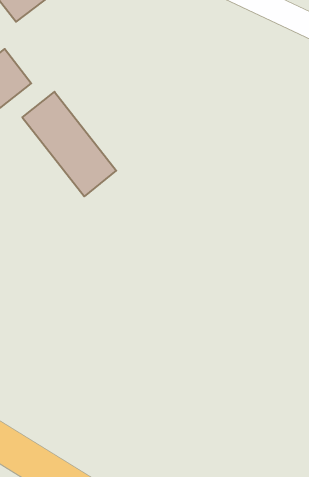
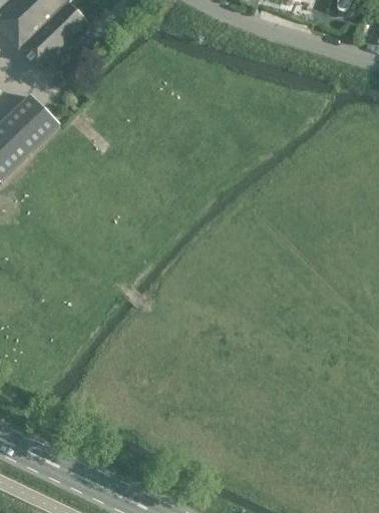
building: [22,92,116,196] -> none

